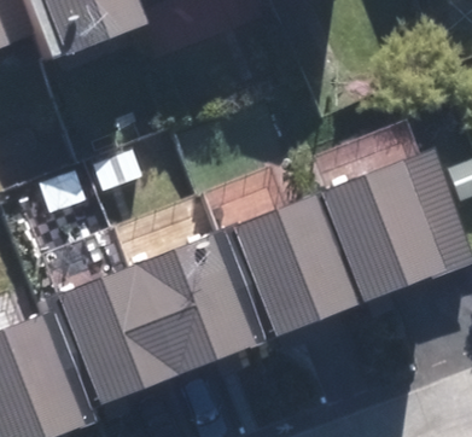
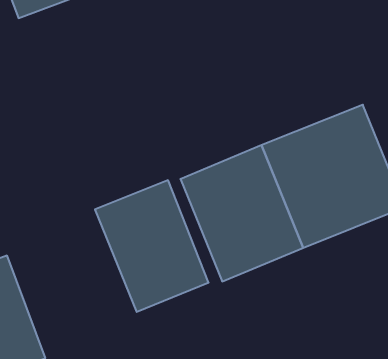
building: [57,262,185,404] -> none

